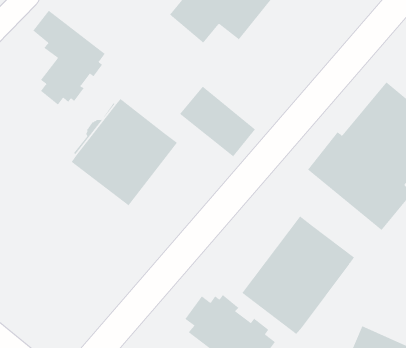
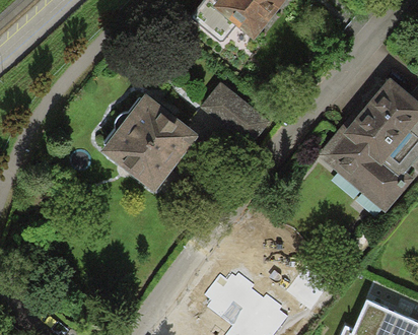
building: [32,10,106,106] -> none
building: [242,216,355,335] -> none

